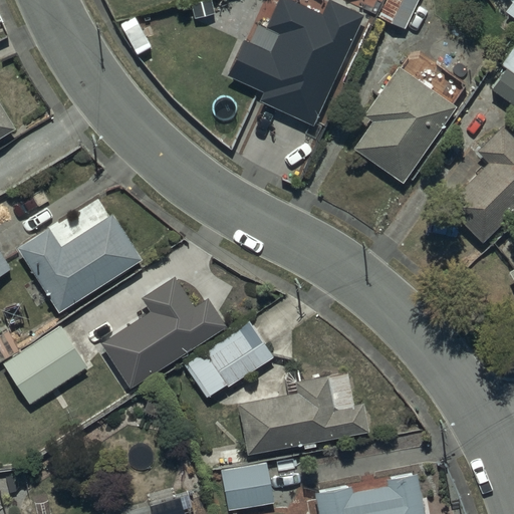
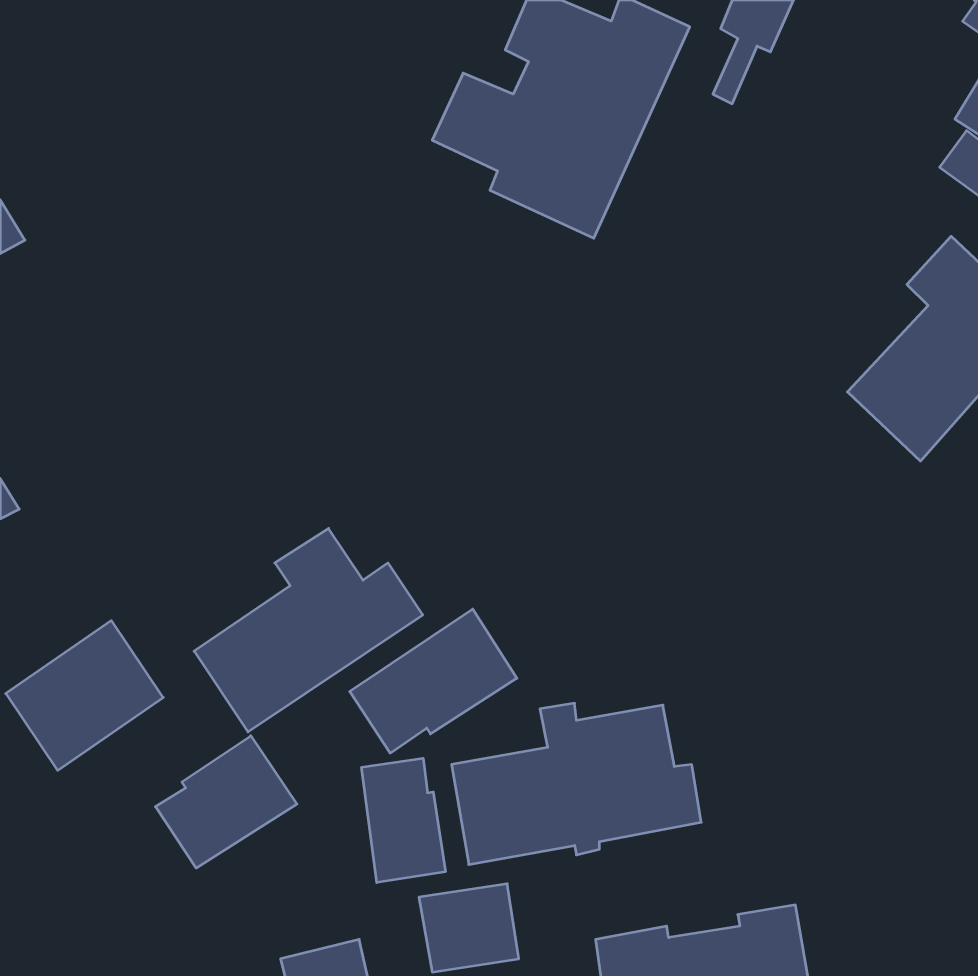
building: [352,67,454,183] -> none
building: [17,214,143,313] -> none
building: none -> [155,736,297,868]
building: none -> [362,758,445,883]

